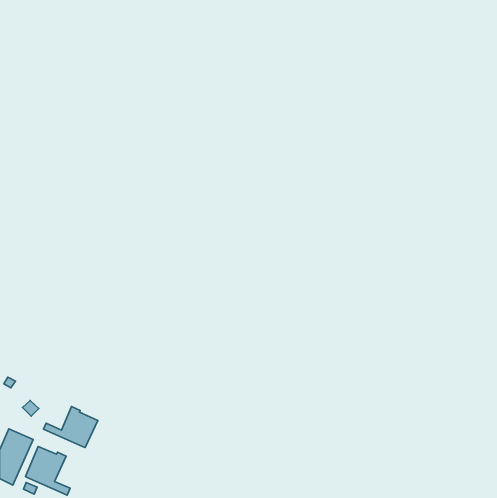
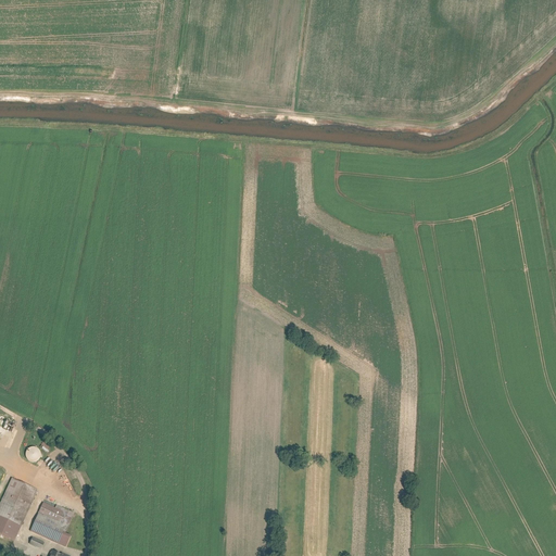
building: [43,407,98,448] -> none

